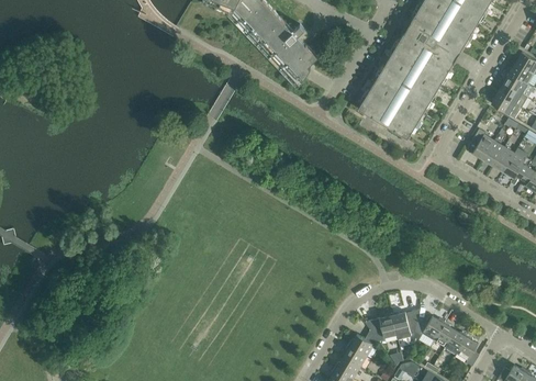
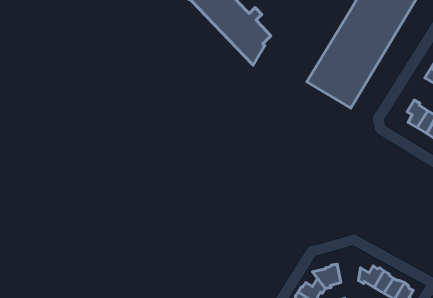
building: [393,309,421,339] -> none

